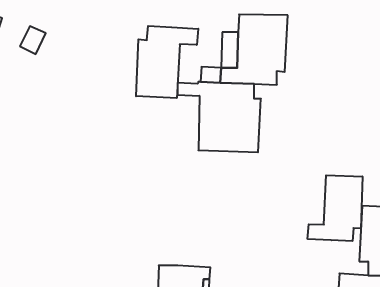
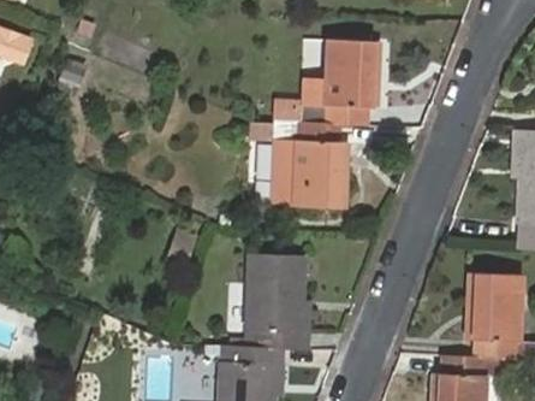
building: [136,26,198,98] -> none
building: [308,175,362,241] -> none
building: none -> [248,252,310,349]

